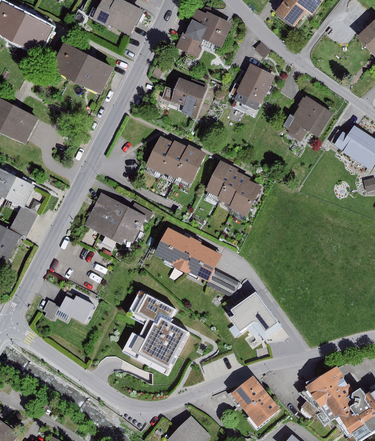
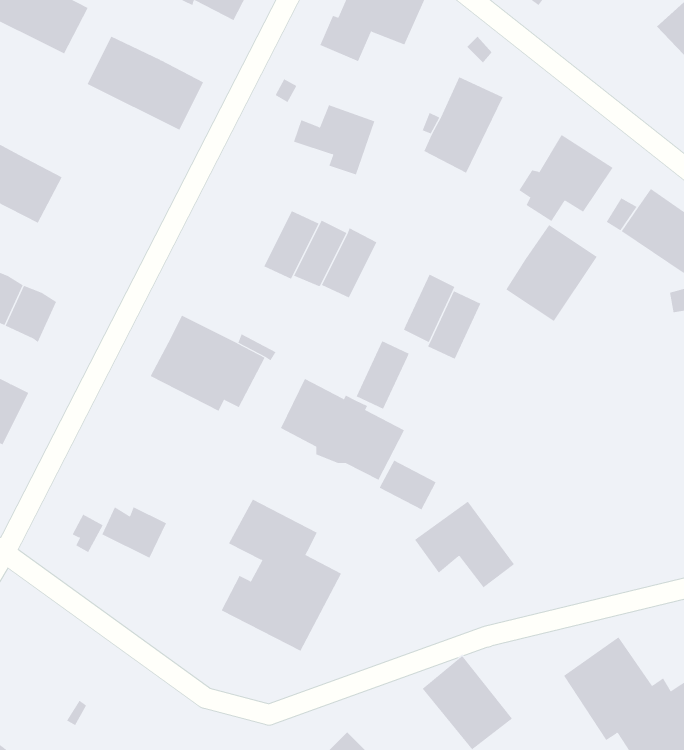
building: none -> [506,224,597,322]
building: [206,161,235,198] -> [356,341,410,409]
building: [9,205,37,237] -> none

